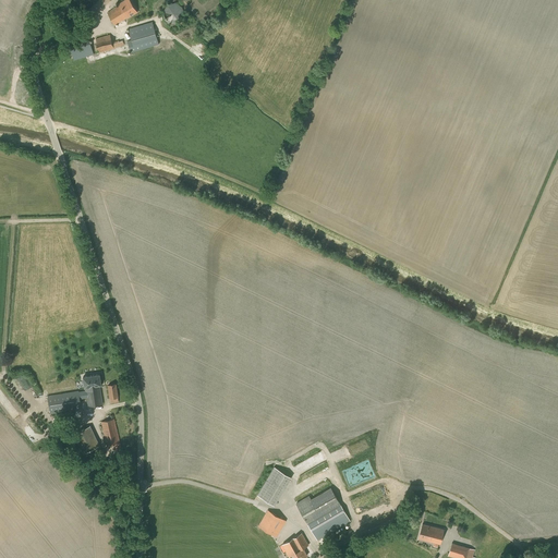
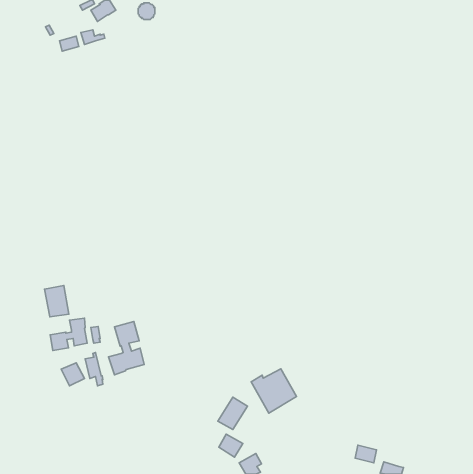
building: [126,22,158,52] -> none
building: none -> [44,286,69,317]
building: none -> [109,321,144,375]
building: [295,488,349,541] -> [251,369,297,413]

